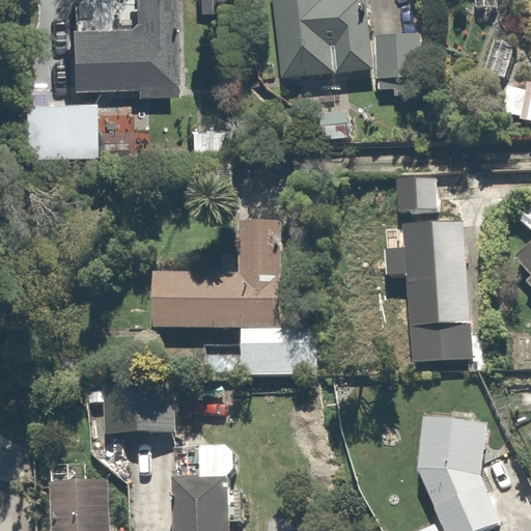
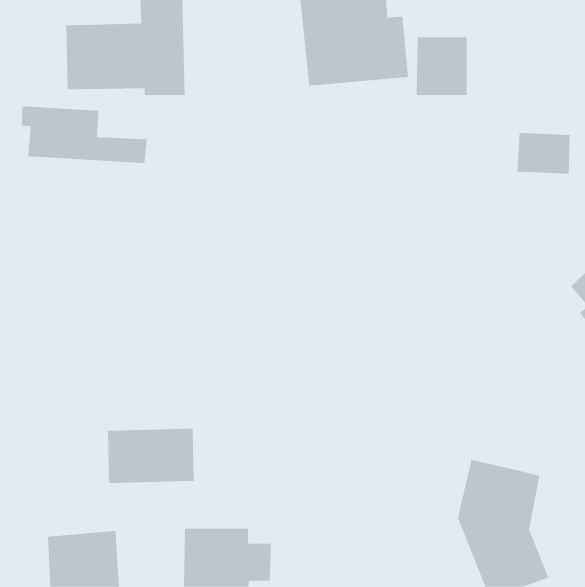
building: [396,175,445,213] -> [516,133,571,174]
building: [400,220,478,364] -> none
building: [151,222,308,374] -> none

